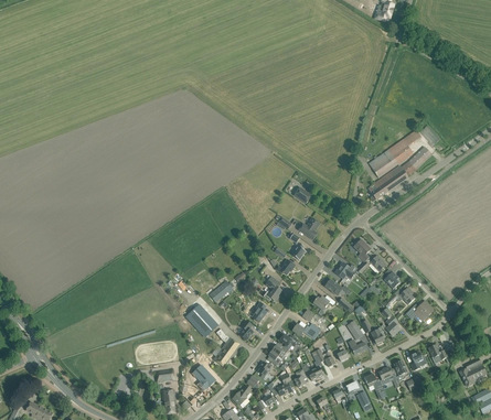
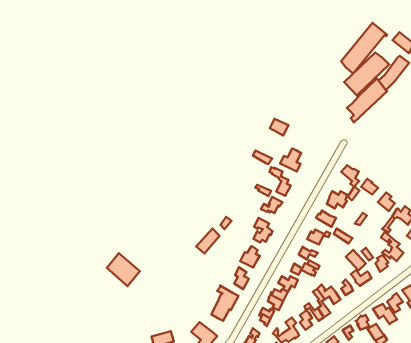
building: none -> [341,23,387,73]
building: [188,303,217,335] -> [107,253,140,286]

